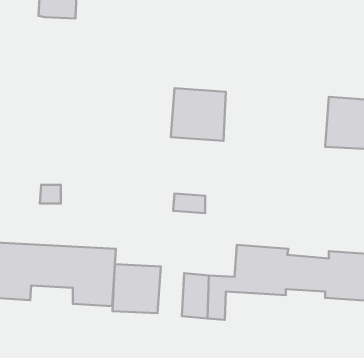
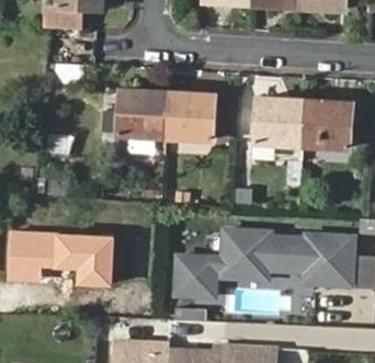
building: none -> [118,90,168,136]
building: none -> [255,97,306,145]
building: [113,264,161,313] -> none

